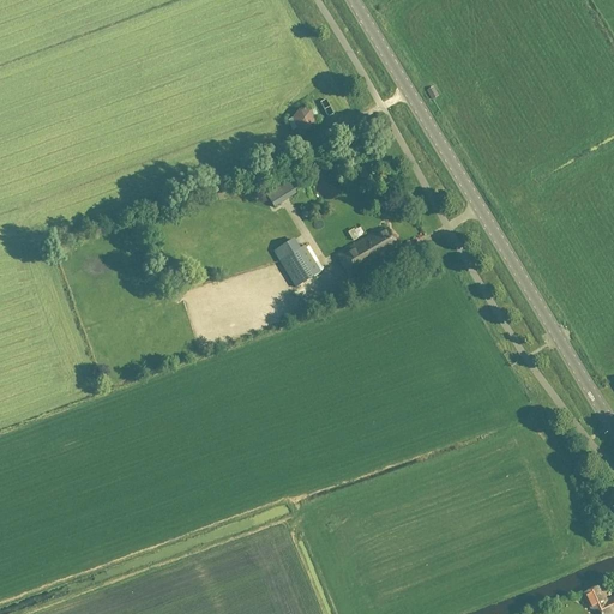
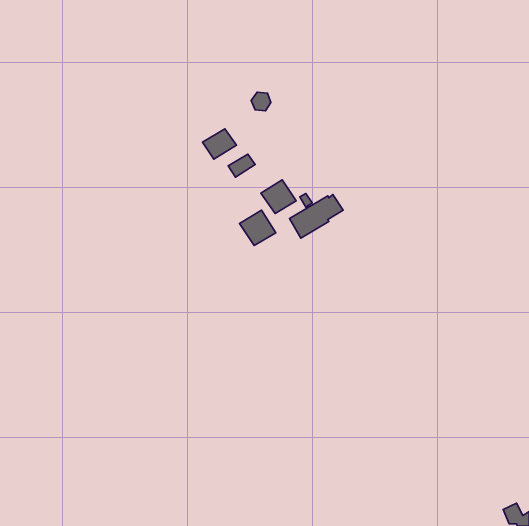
building: none -> [203,129,236,159]
building: none -> [261,180,296,214]

